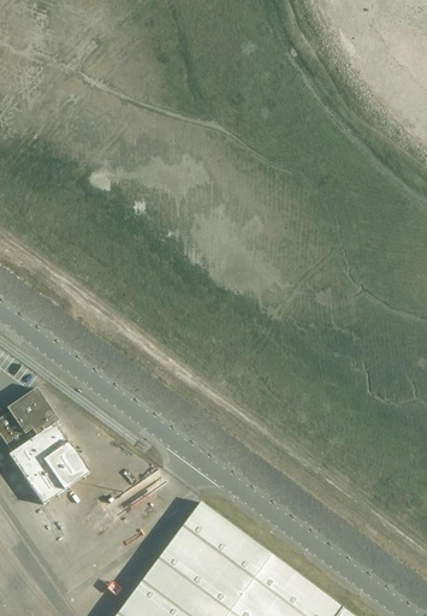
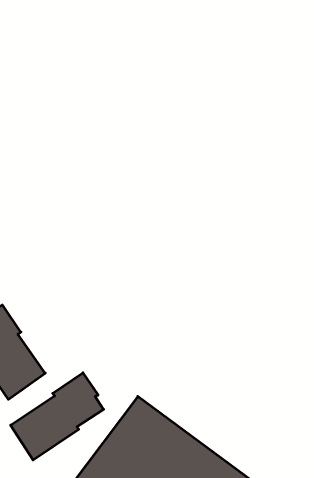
building: none -> [11,373,104,460]

